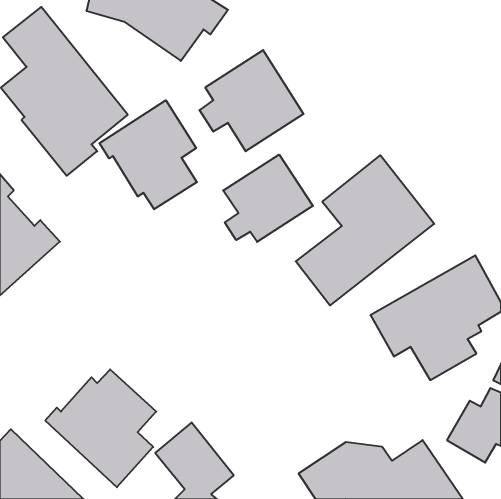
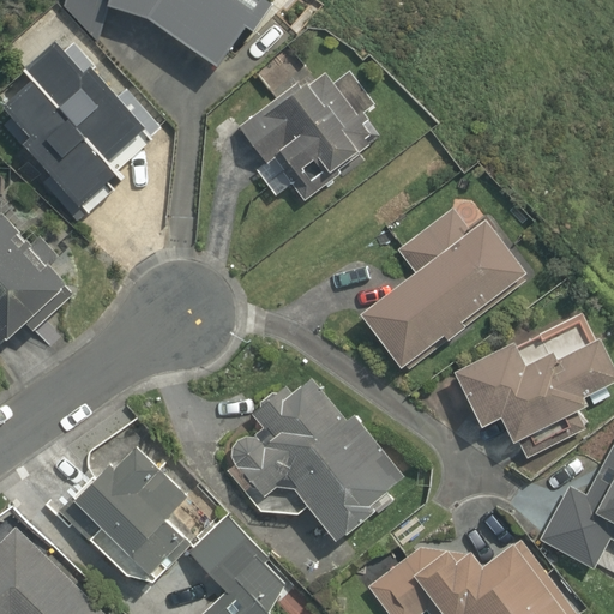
building: [99,100,197,209] -> none
building: [223,155,313,242] -> none
building: none -> [228,378,408,546]

